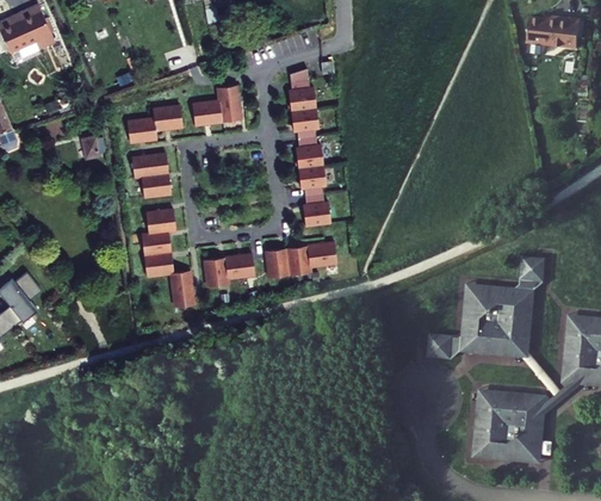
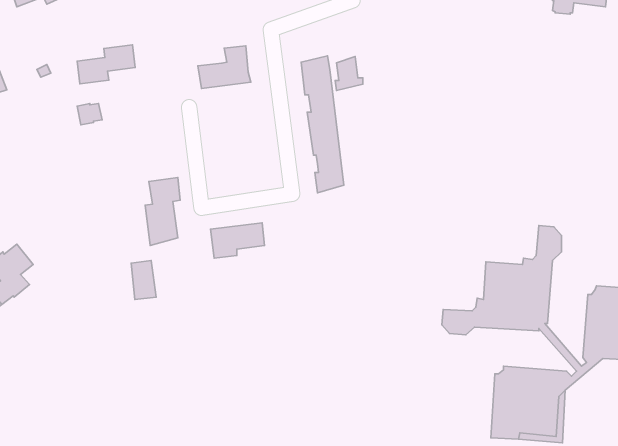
building: [289,68,315,100] -> [335,57,363,91]
building: [128,104,182,141] -> [77,45,135,84]
building: [132,153,173,197] -> none
building: [266,241,339,278] -> none
building: [172,270,196,307] -> [131,261,156,300]

